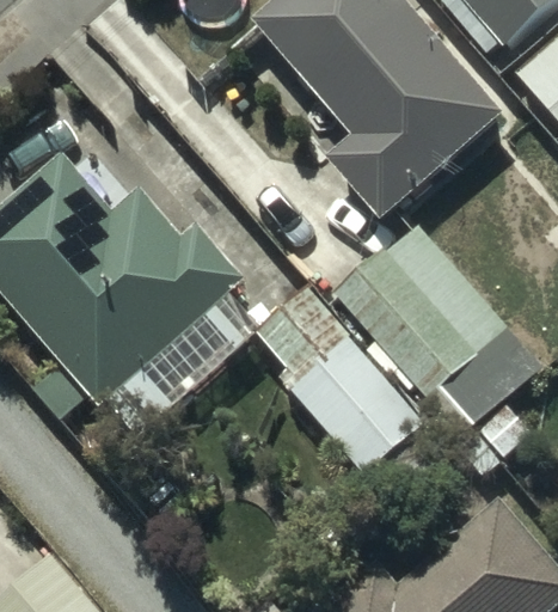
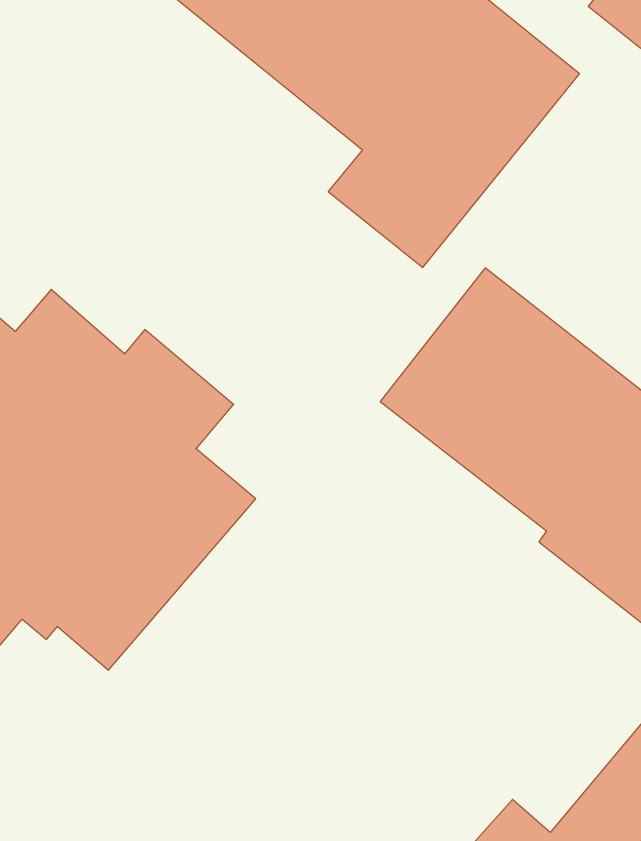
building: [256,289,423,475] -> none

